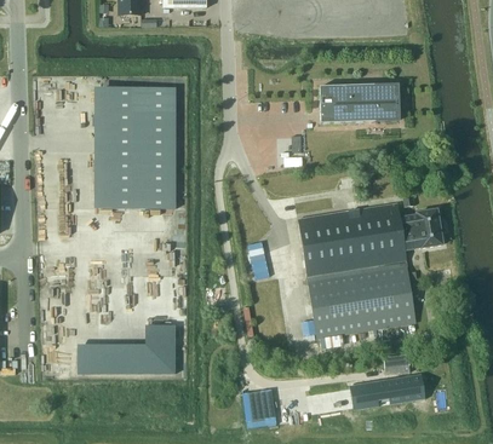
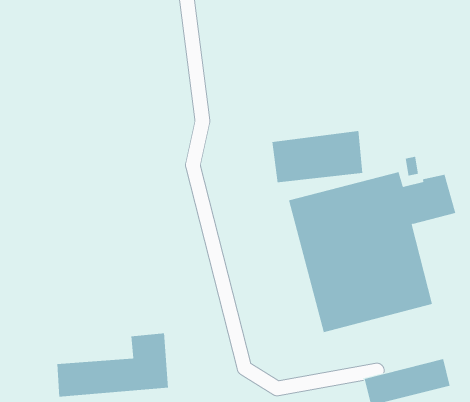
building: [319,82,396,121] -> [271,131,363,183]
building: [96,86,174,207] -> none

